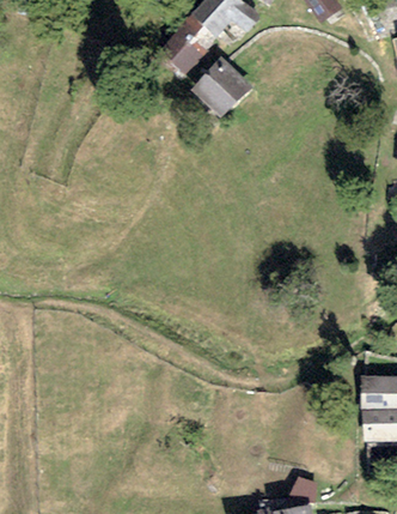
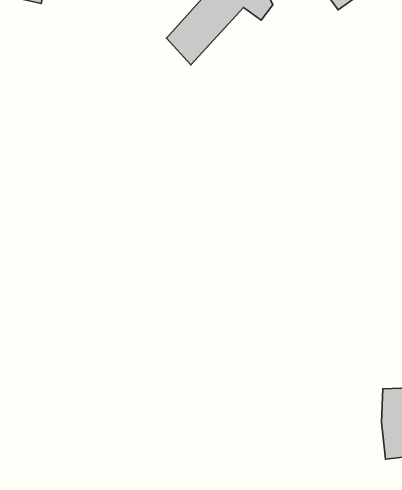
building: [193,55,251,116] -> none

